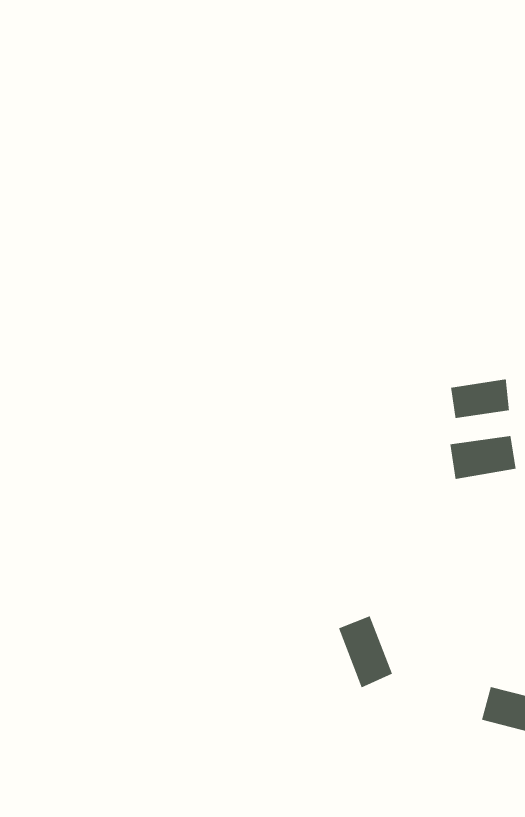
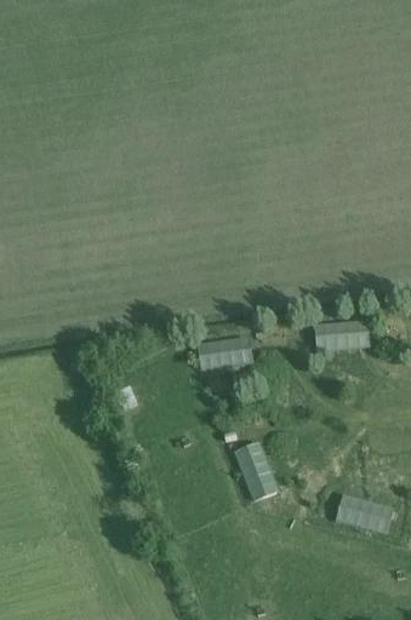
building: [451,378,510,419] -> none
building: none -> [200,339,247,369]

